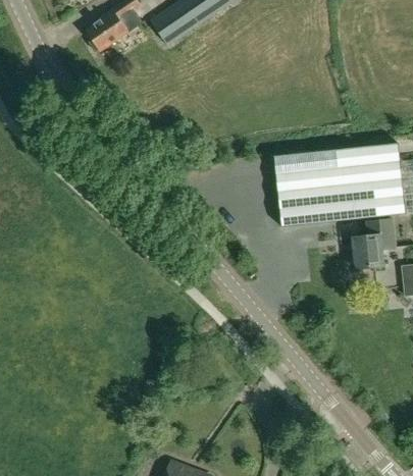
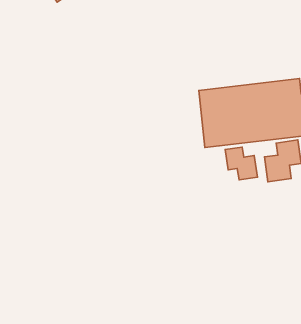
building: none -> [225,147,257,180]

